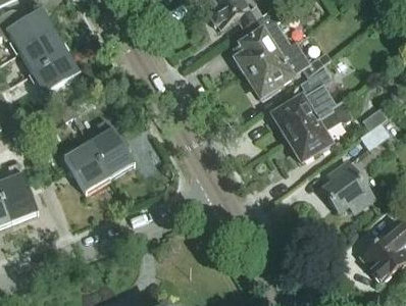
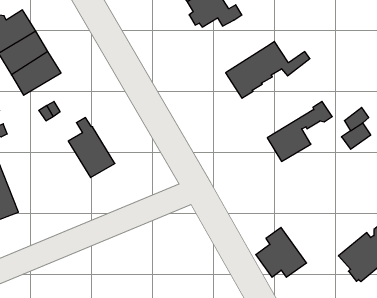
building: [235,6,290,73] -> none
building: [273,70,336,139] -> none
building: [61,142,109,194] -> none
building: [319,162,370,212] -> [256,227,307,277]

